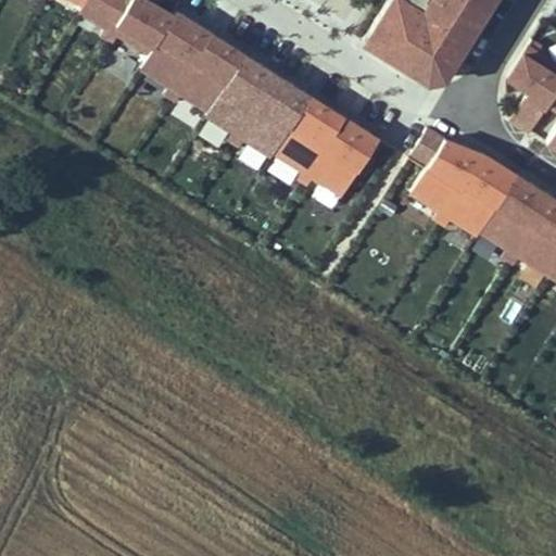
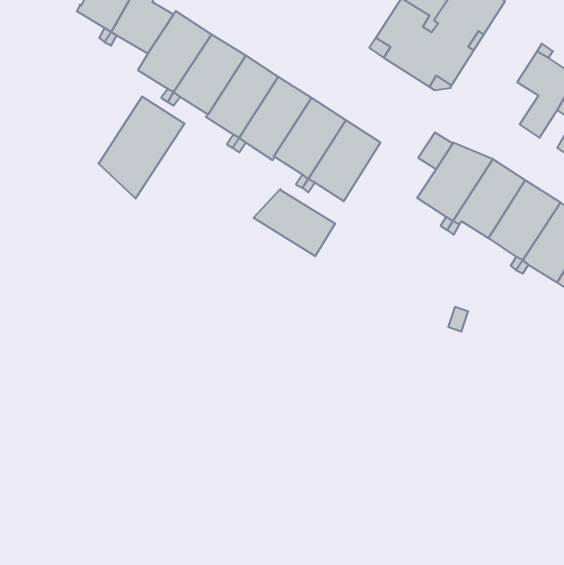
building: none -> [98,96,185,199]
building: none -> [254,189,335,256]

